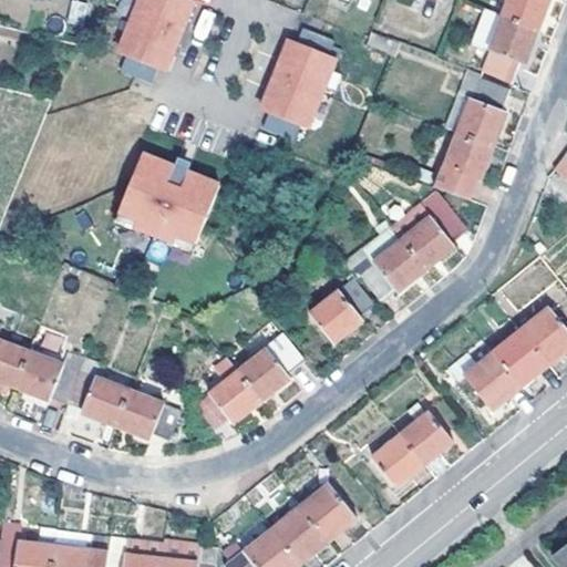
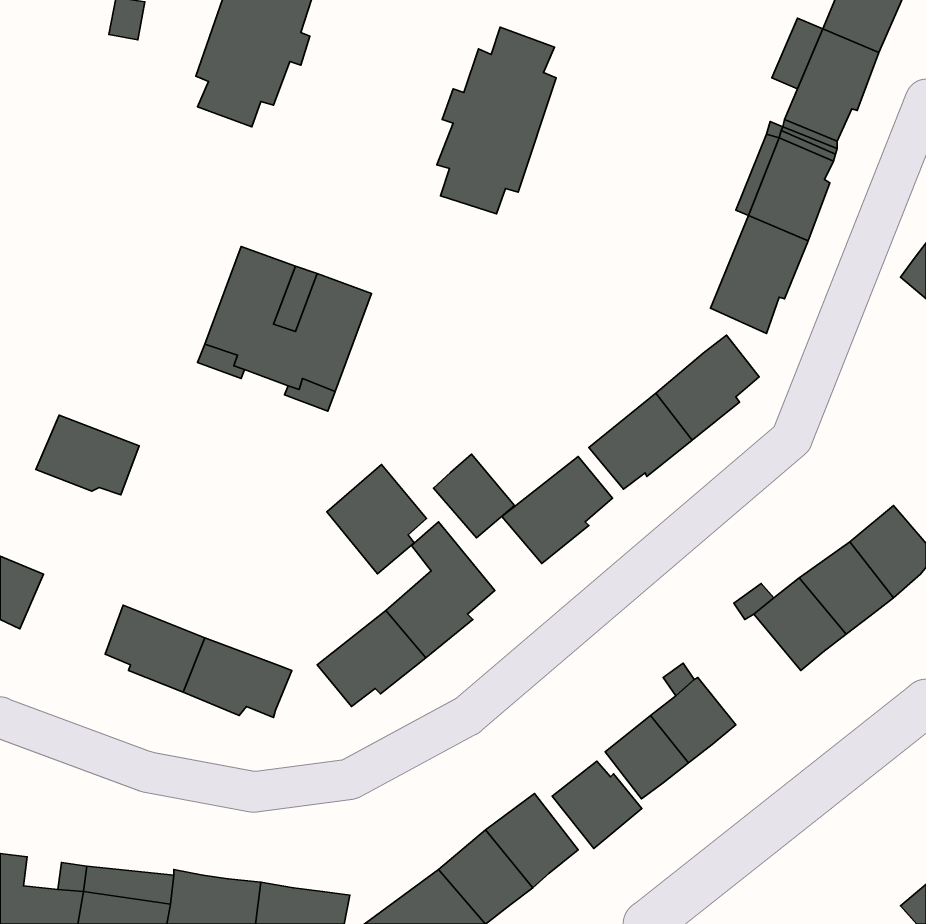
building: none -> [433,454,515,538]
building: none -> [327,465,426,574]
building: [12,351,75,400] -> [36,415,139,495]
building: none -> [552,761,642,848]

